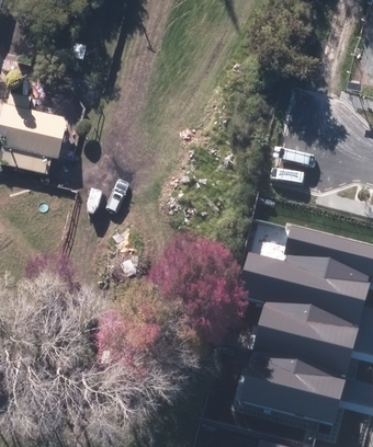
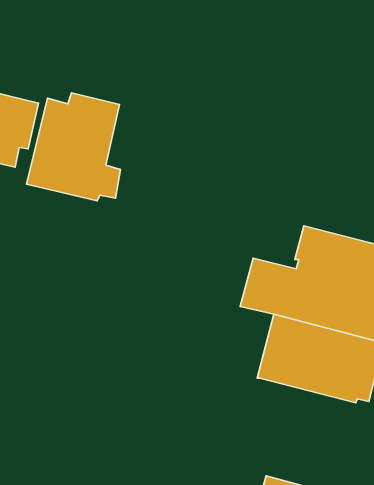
building: none -> [27,93,121,201]
building: [241,353,344,422] -> none

